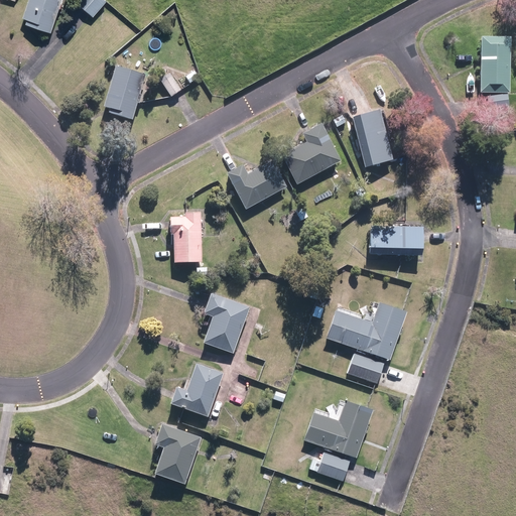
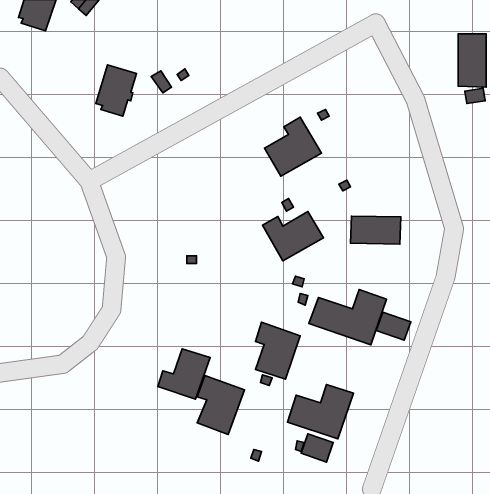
building: [351,108,393,165] -> none
building: [225,158,288,210] -> [262,212,323,261]
building: [168,211,203,262] -> none
building: [203,292,249,352] -> [256,322,300,379]
building: [350,353,386,382] -> [376,312,411,340]
building: [152,421,202,483] -> [197,375,245,435]

